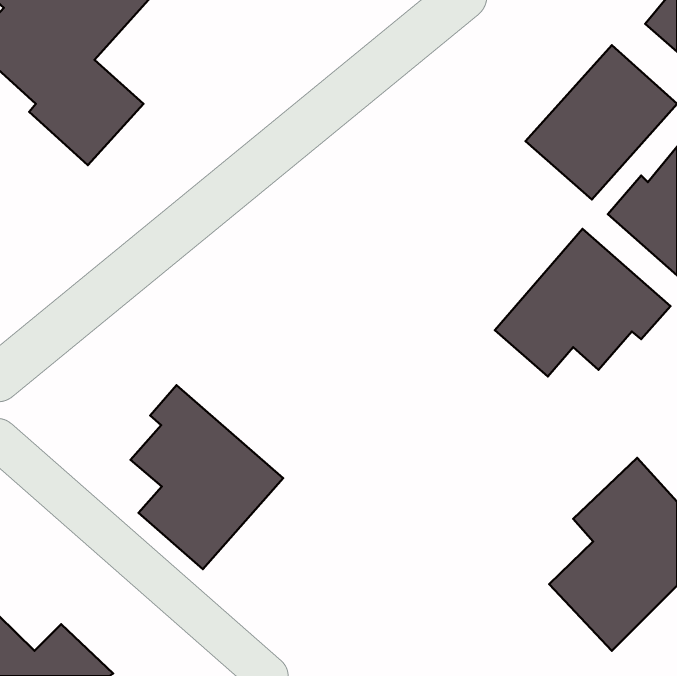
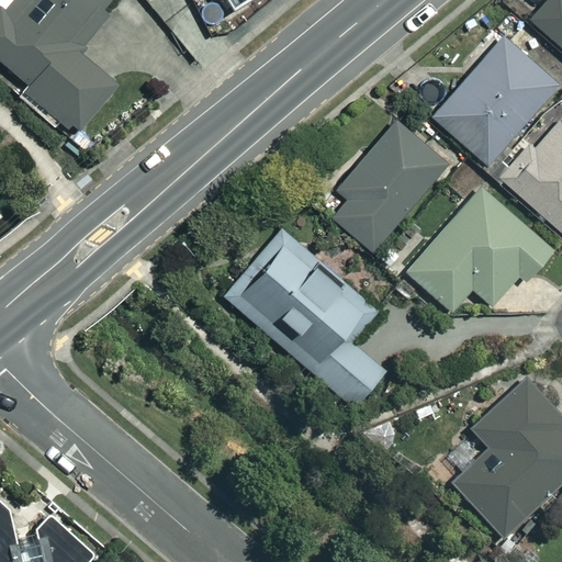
building: none -> [335,121,448,250]
building: none -> [225,231,385,407]
building: [131,385,283,569] -> none

